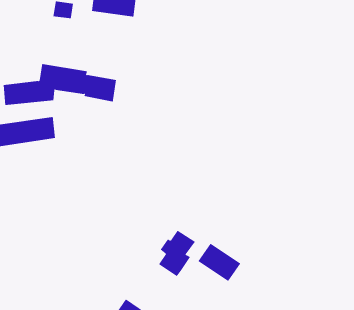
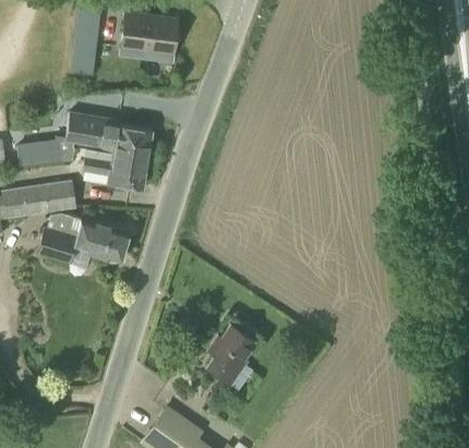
building: none -> [82,154,148,191]
building: none -> [38,213,128,259]
building: [198,243,241,282] -> none

